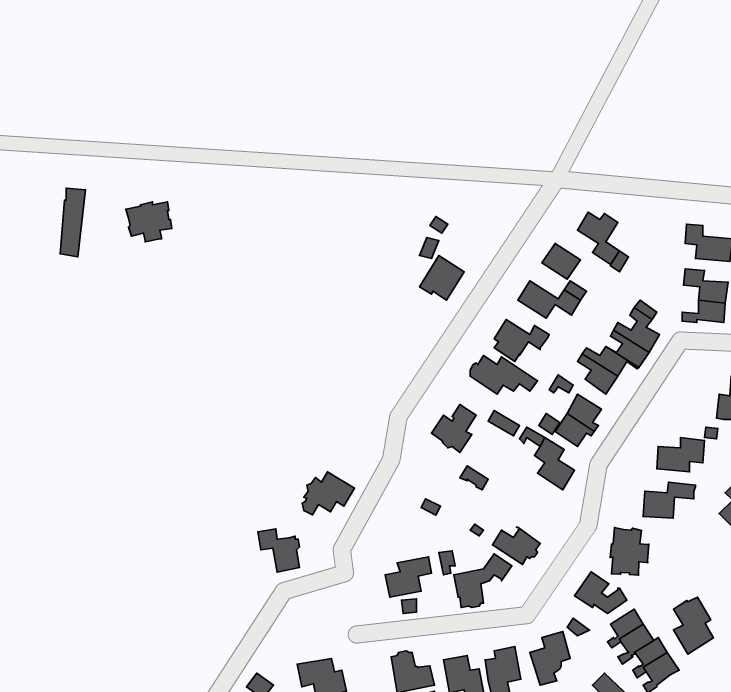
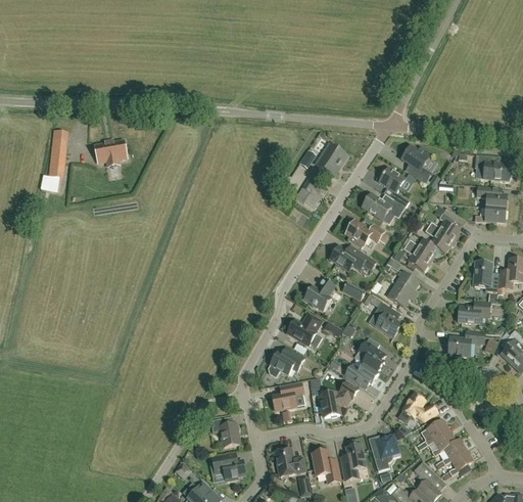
building: none -> [316,142,347,176]
building: none -> [473,262,498,291]
building: none -> [288,313,322,347]
building: [302,472,354,515] -> [269,347,304,376]
building: none -> [354,341,385,373]
building: [610,527,649,575] -> none
building: [258,529,300,572] -> [210,417,239,447]
building: [673,597,714,654] -> none

